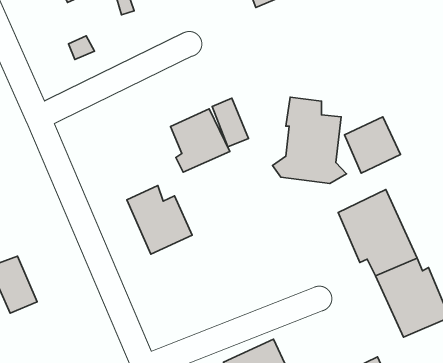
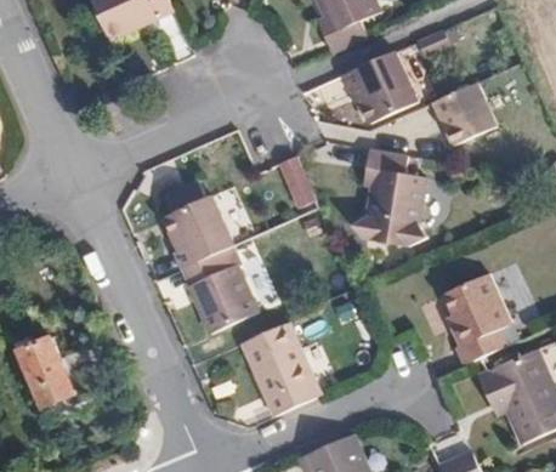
building: none -> [341,47,419,120]
building: [171,109,230,172] -> [164,198,233,272]
building: [344,117,401,173] -> [433,75,499,141]
building: none -> [248,317,327,413]

